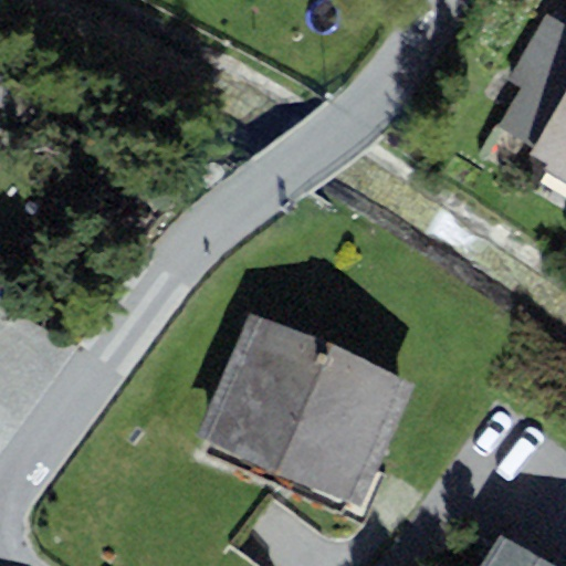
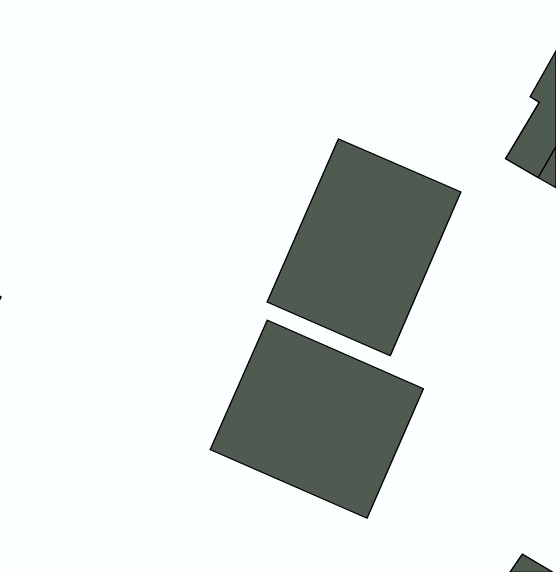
building: none -> [267,139,461,356]

